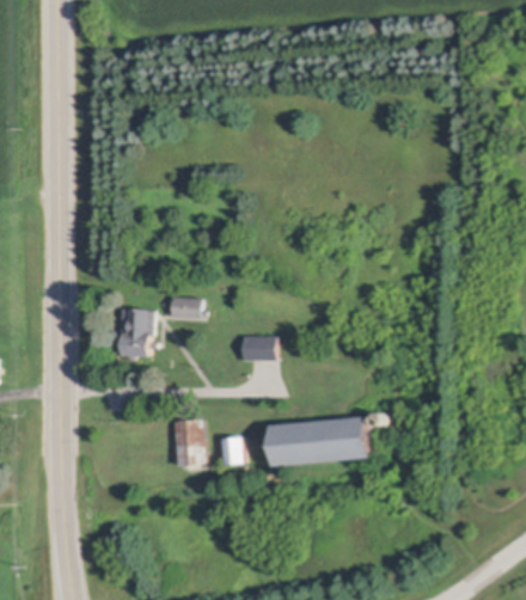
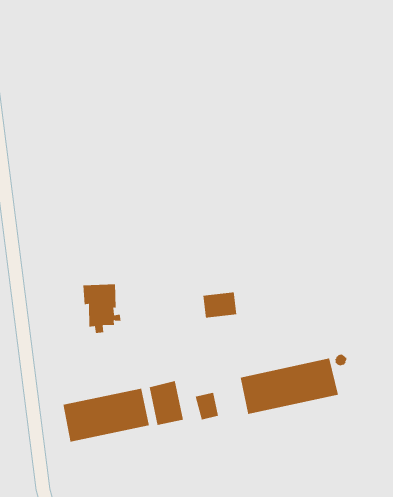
building: [169,298,198,317] -> none
building: none -> [63,388,150,442]

